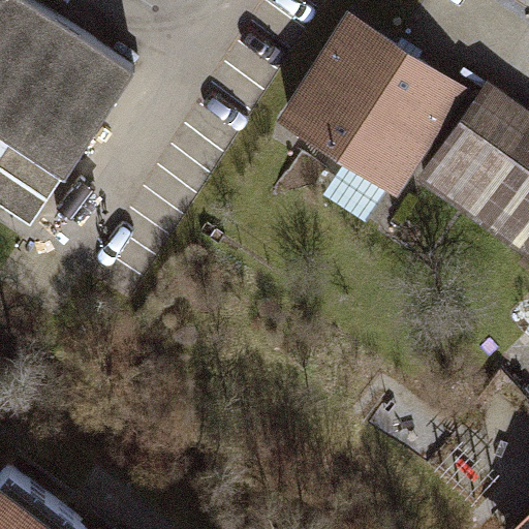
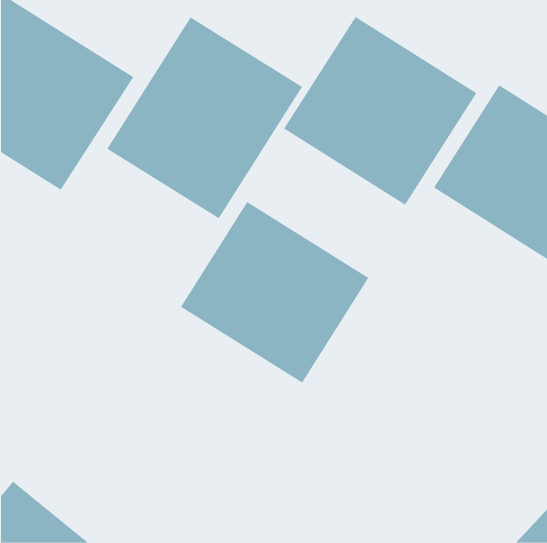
building: none -> [107,17,303,219]
building: none -> [180,201,369,383]

